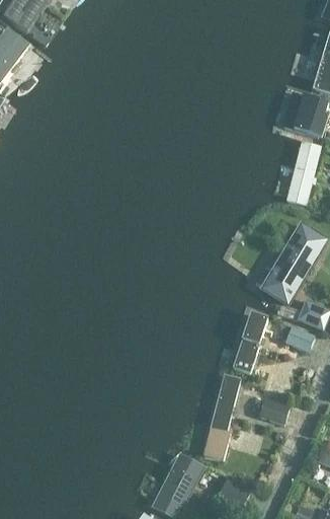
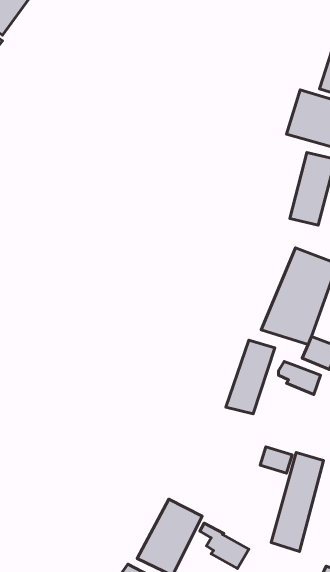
building: [199,370,246,458] -> [271,453,324,552]

